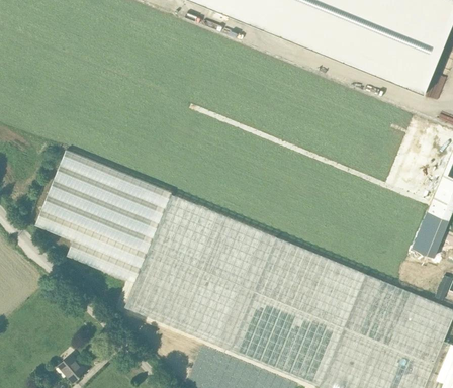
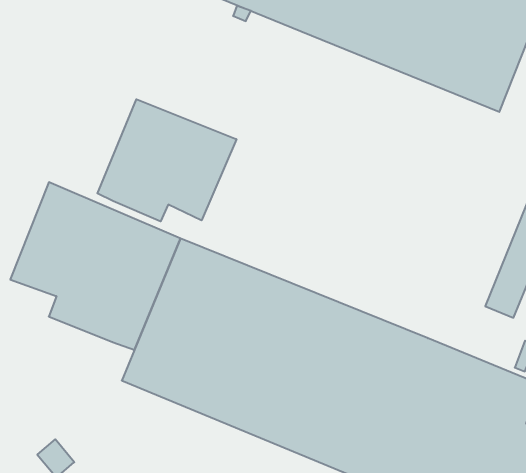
building: none -> [97,99,236,221]

